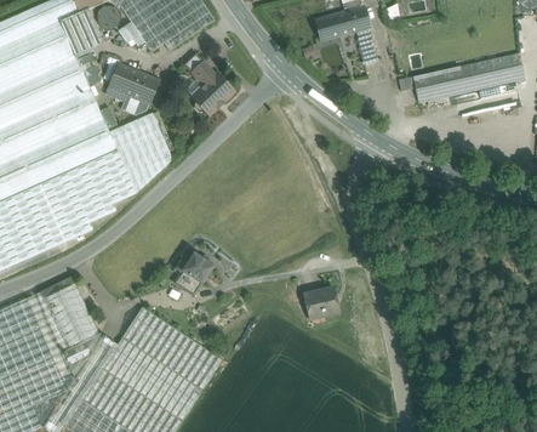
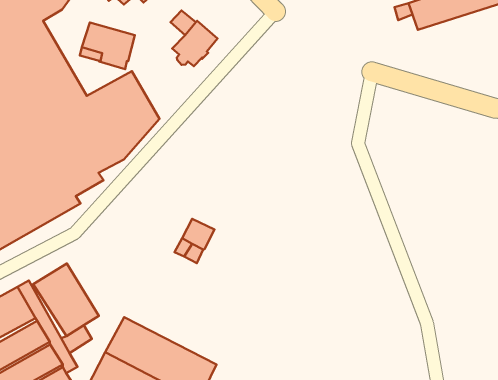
building: [304,288,338,316] -> none
building: [121,306,222,390] -> none

